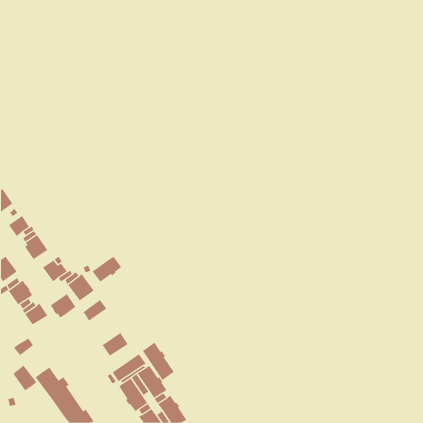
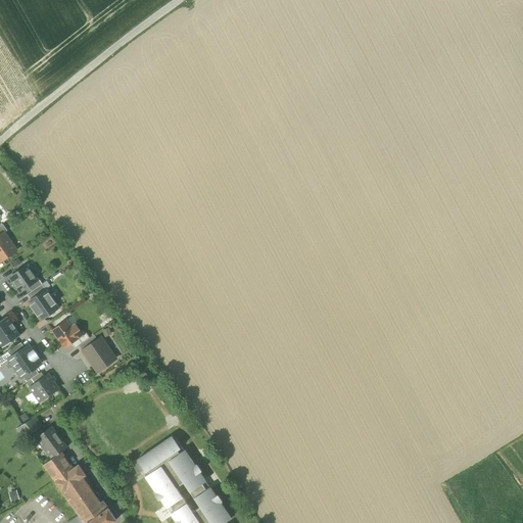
building: [92,256,122,282] -> none
building: [50,293,76,319] -> none
building: [83,299,107,322] -> none
building: [102,332,128,357] -> none
building: [142,342,174,381] -> none
building: [12,365,37,391] -> [37,426,67,459]

